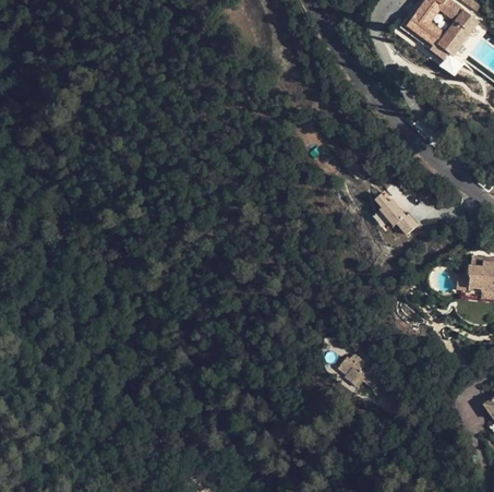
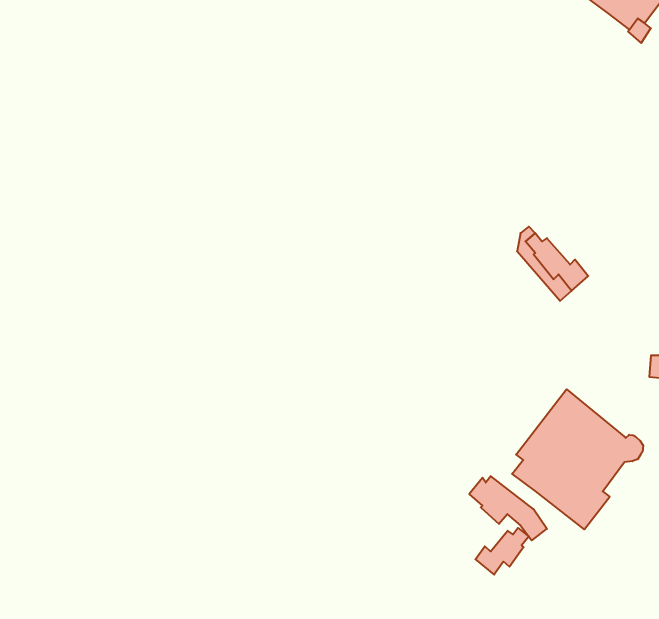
building: none -> [512,389,643,529]
building: none -> [475,528,529,575]

